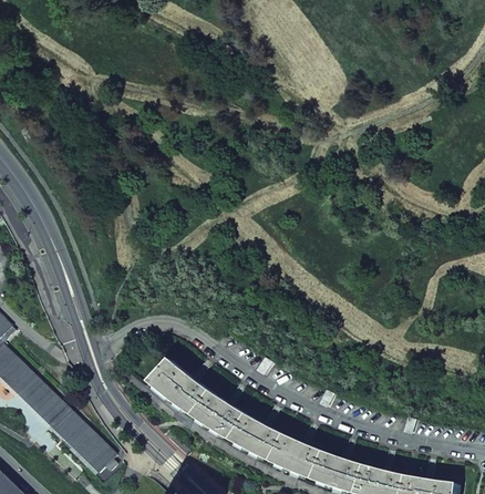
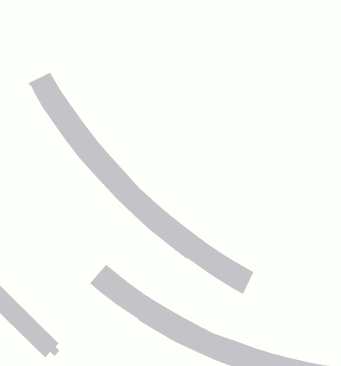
building: none -> [28,72,254,295]

